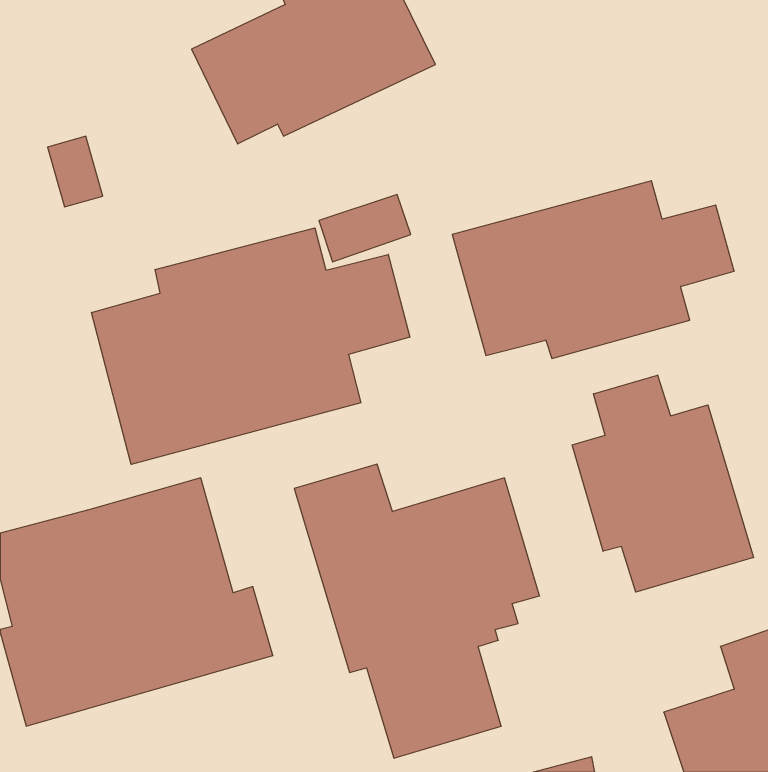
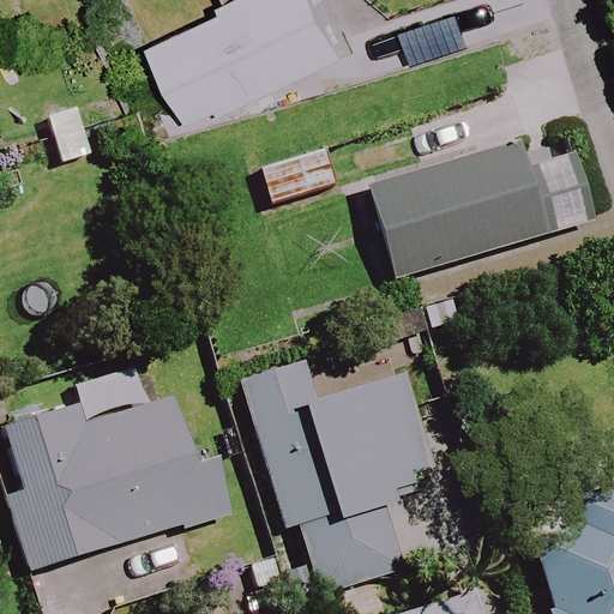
building: [92,228,410,464] -> none
building: [572,375,754,592] -> none

